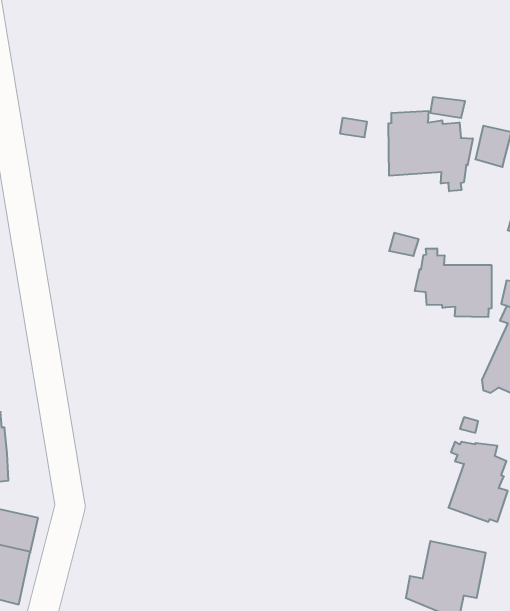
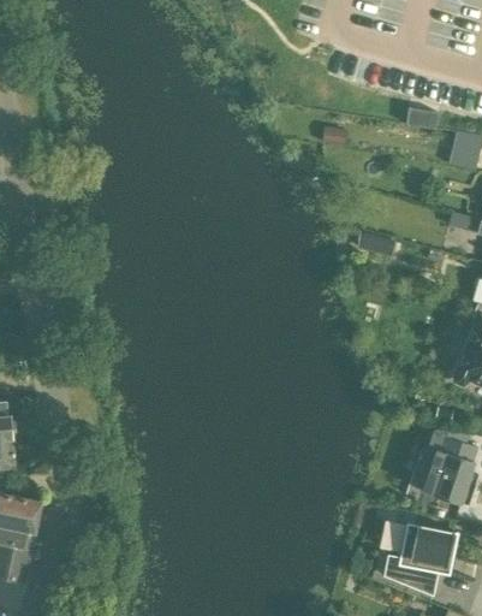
building: [388,111,473,191] -> none
building: [415,248,491,317] -> none

